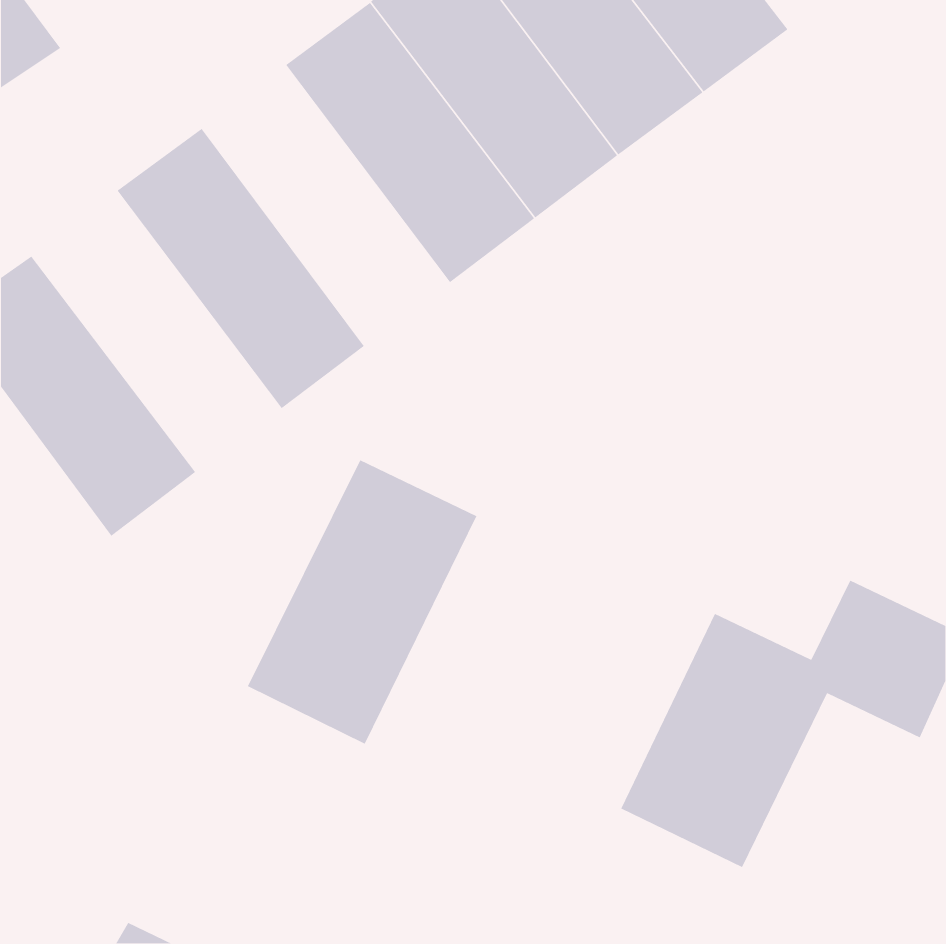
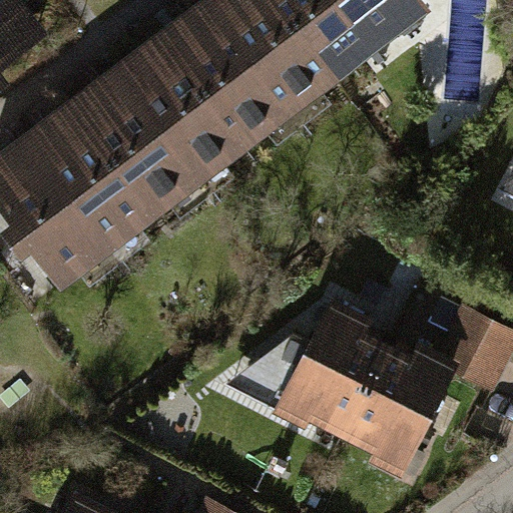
building: none -> [109,35,243,187]
building: none -> [17,103,152,255]
building: [247,459,478,745] -> none
building: none -> [274,302,387,438]

